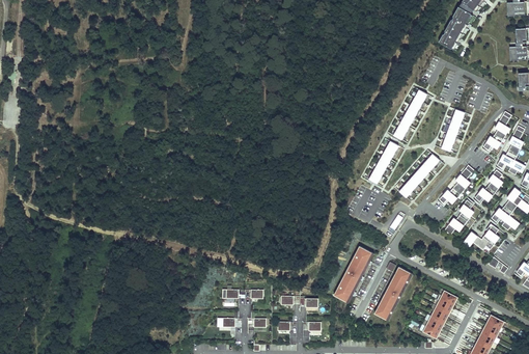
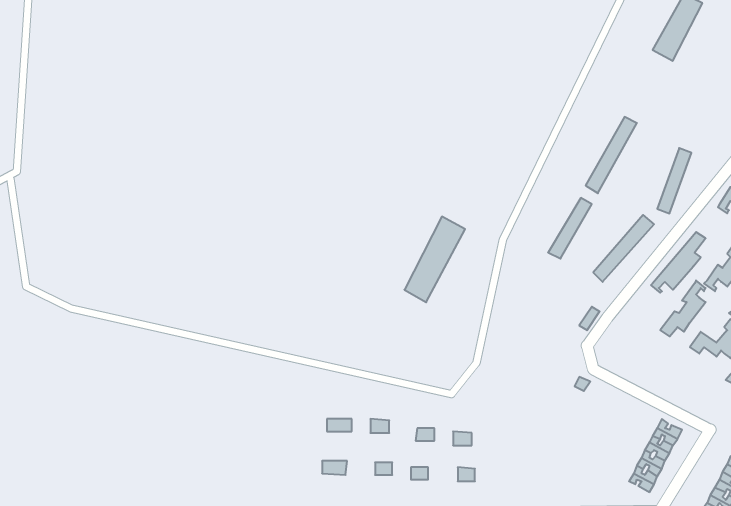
building: [334,245,374,302] -> [404,217,465,302]
building: [374,267,413,320] -> none

